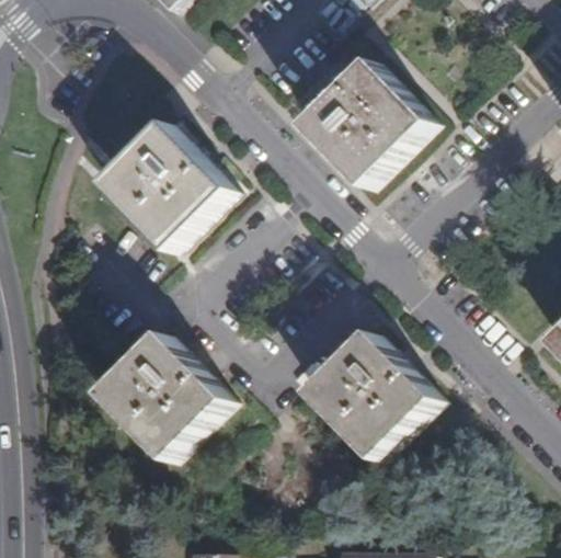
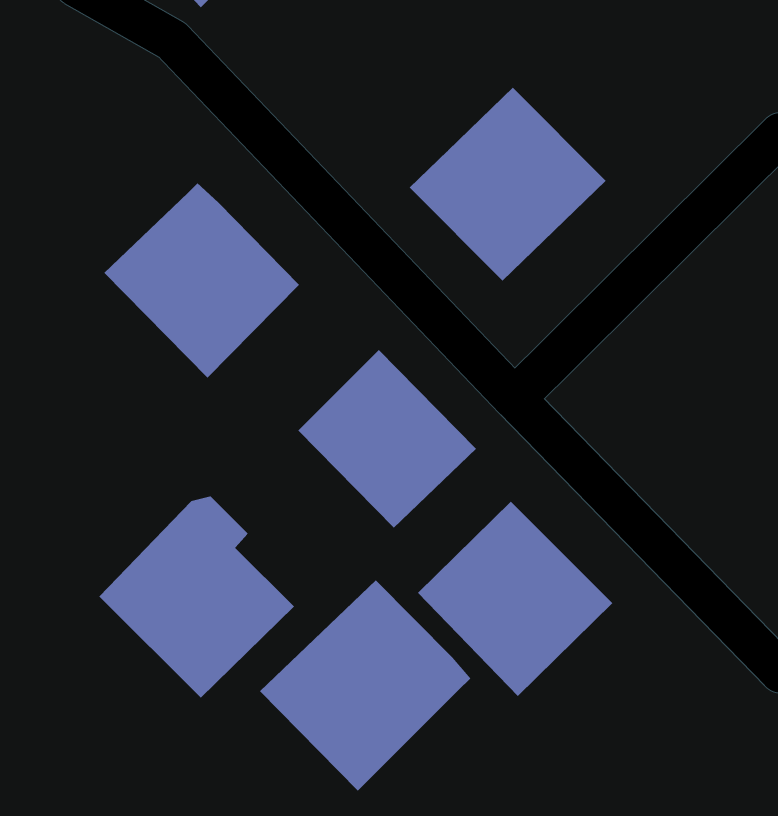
building: none -> [297,349,477,529]
building: none -> [259,579,471,791]

